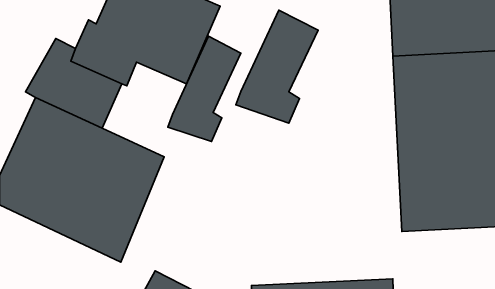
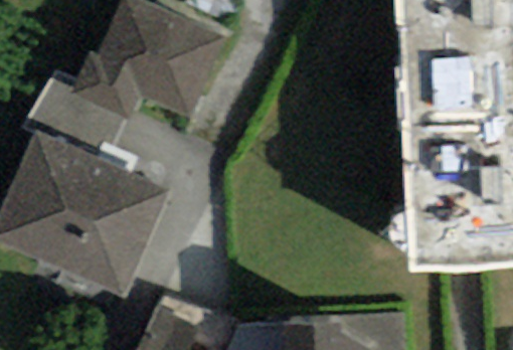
building: [236,10,318,123] -> none
building: [168,36,241,142] -> none

